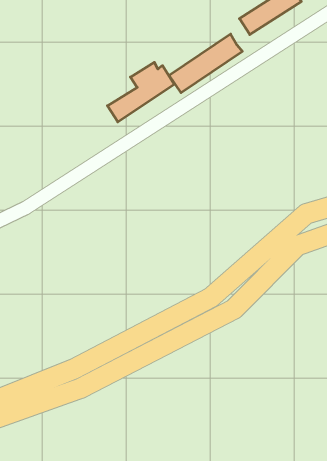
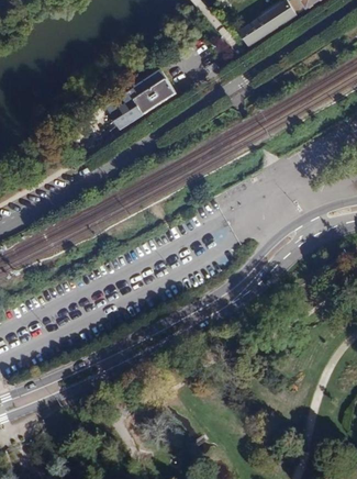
building: [169,34,242,93] -> none

